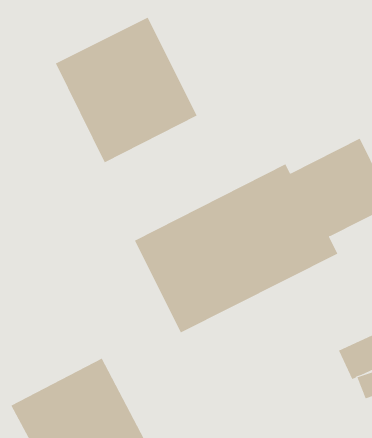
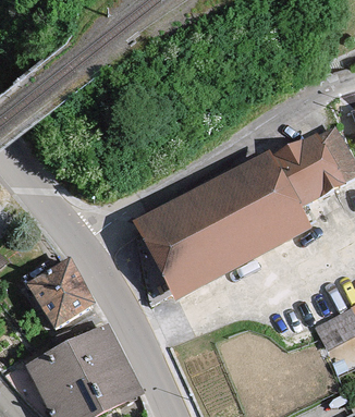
building: [55,17,198,163] -> none
building: none -> [26,259,94,328]

